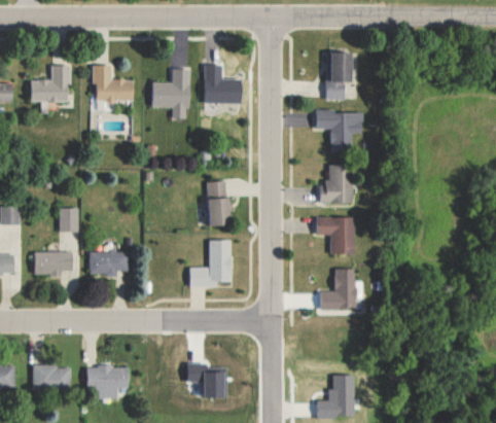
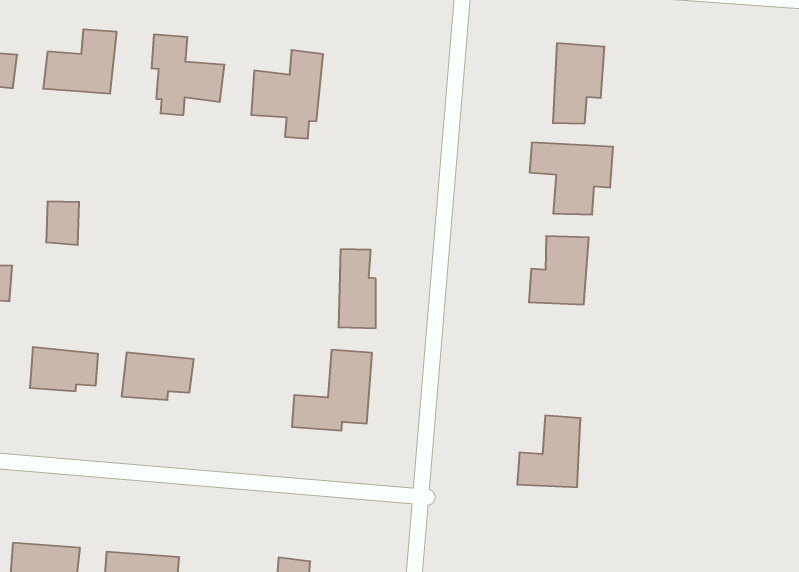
building: [204,63,243,103] -> none
building: [59,207,78,232] -> [46,202,79,245]
building: [317,216,355,254] -> none

